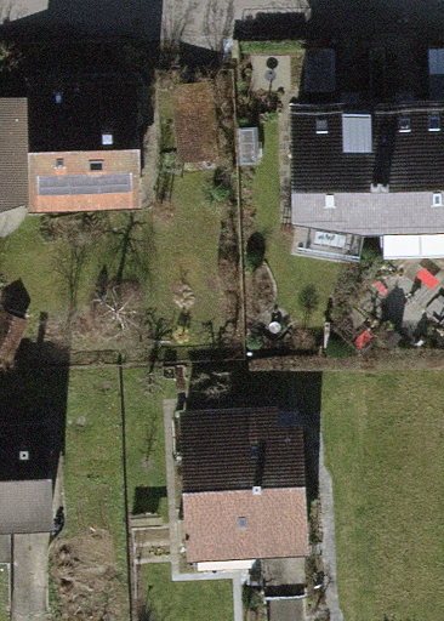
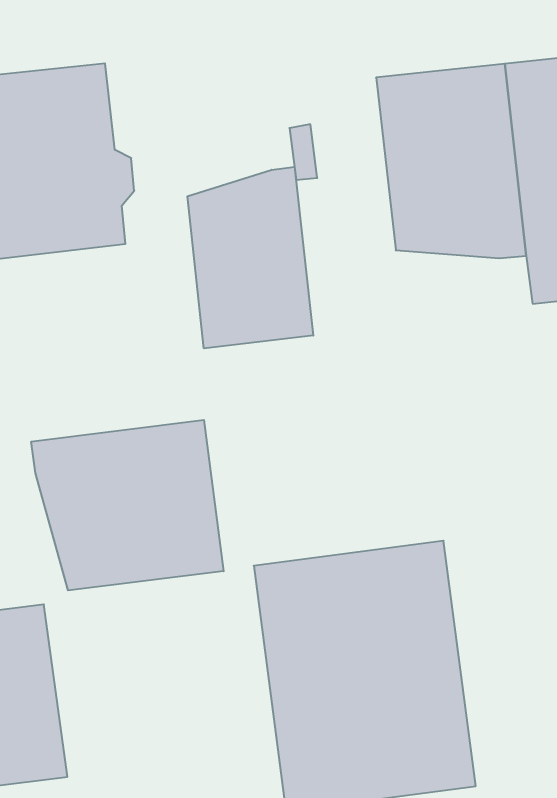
building: none -> [187,167,313,348]
building: none -> [31,420,224,590]

